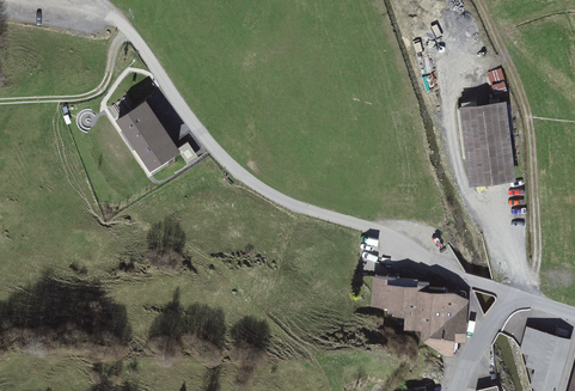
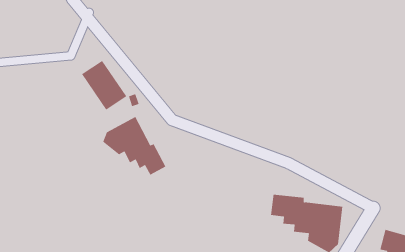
building: [460,100,515,185] -> none
building: none -> [102,116,166,176]

